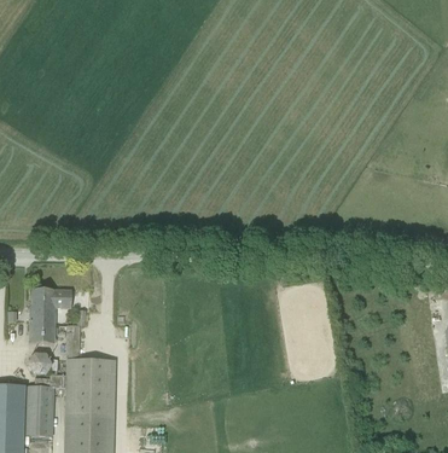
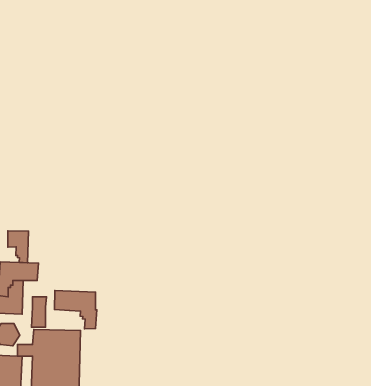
building: none -> [8,231,28,263]
building: none -> [55,291,97,329]

